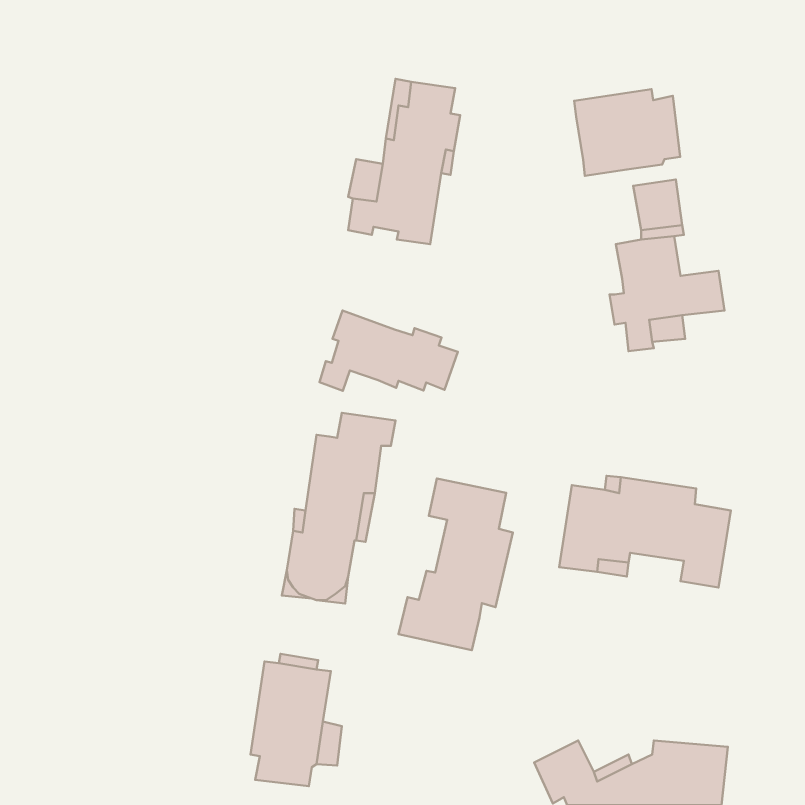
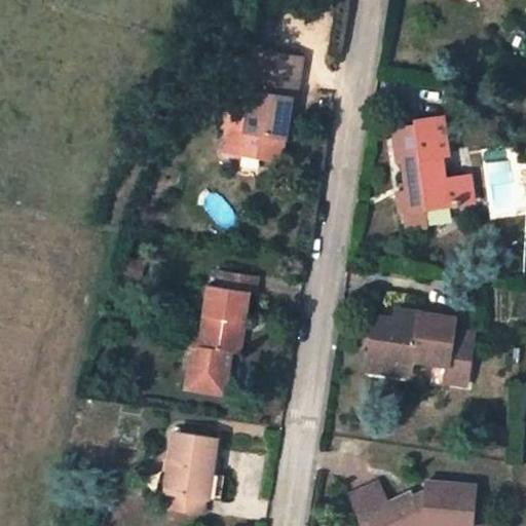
building: [574,89,680,176] -> none
building: [320,310,458,391] -> none
building: [398,478,513,650] -> none

